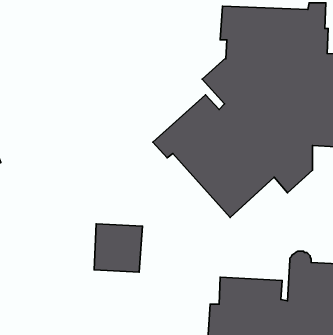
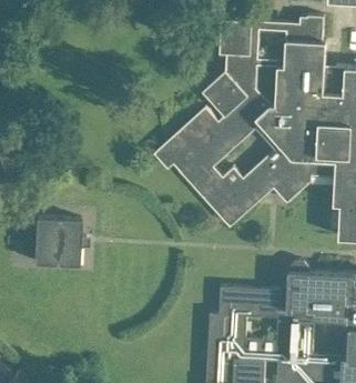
building: [94,224,142,272] -> [33,219,81,266]

